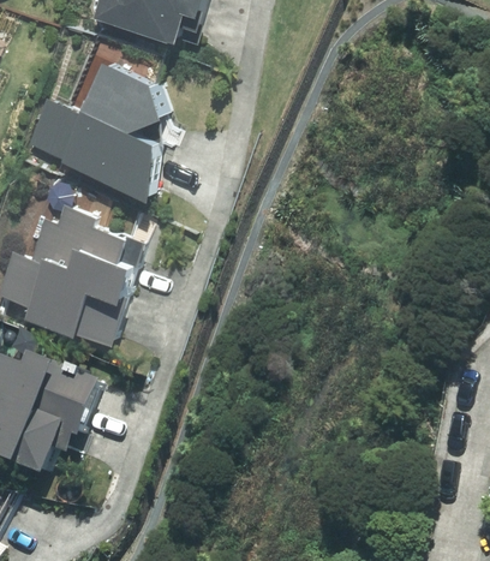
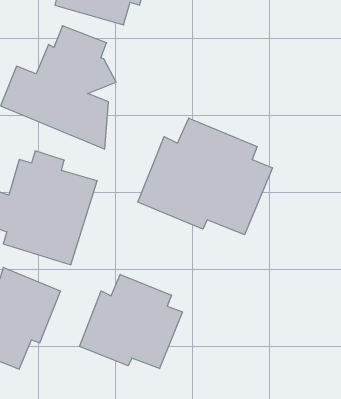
building: none -> [138,118,272,235]
building: none -> [79,274,182,369]

